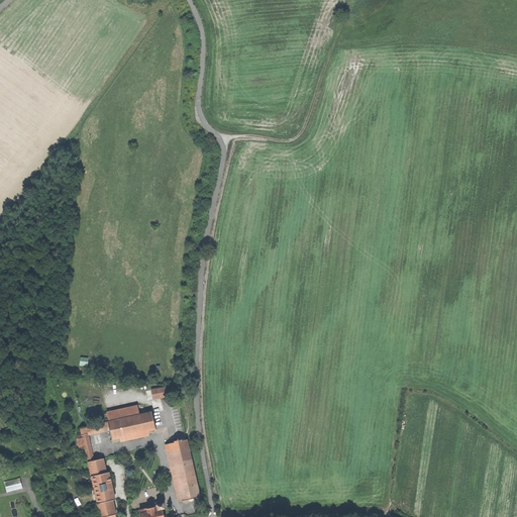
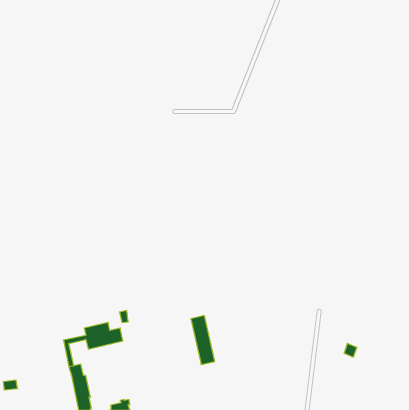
building: [169,439,199,501] -> [191,316,215,365]

